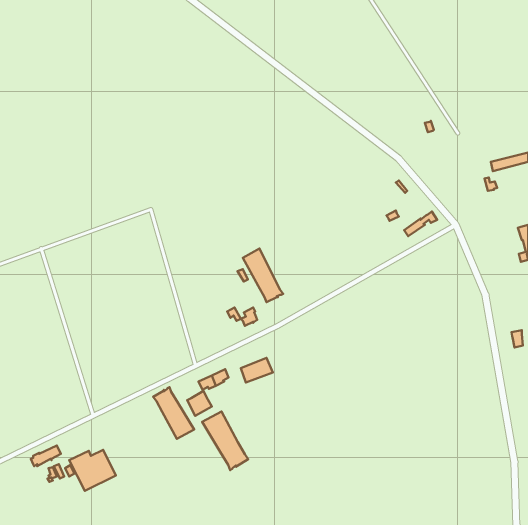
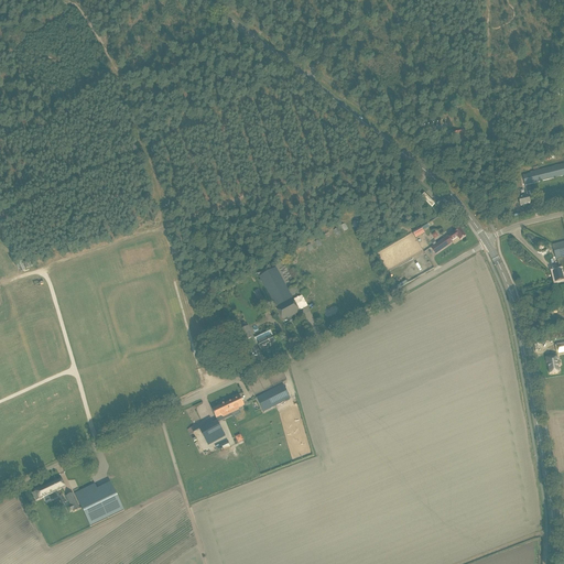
building: [153,387,194,439] -> none
building: [202,412,248,470] -> none

